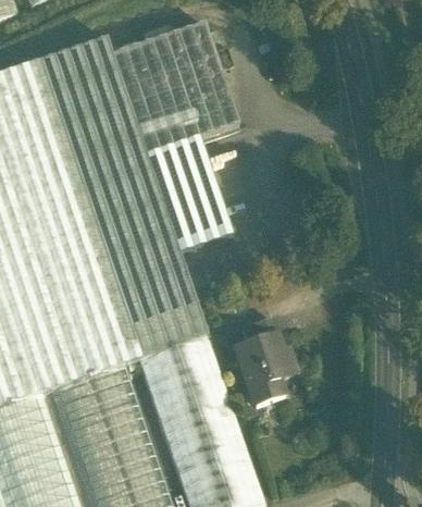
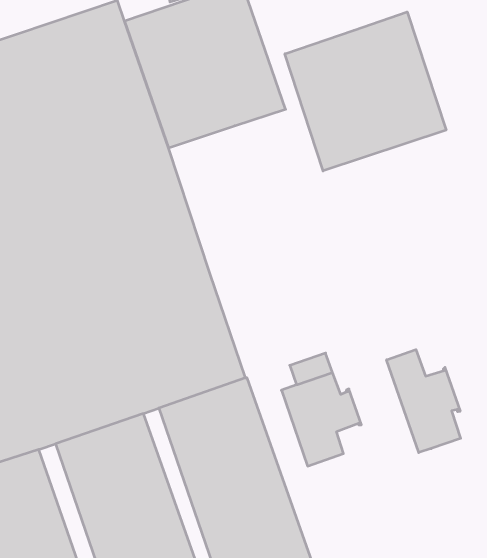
building: none -> [285,12,446,171]
building: [148,137,234,253] -> none
building: none -> [387,350,461,453]

